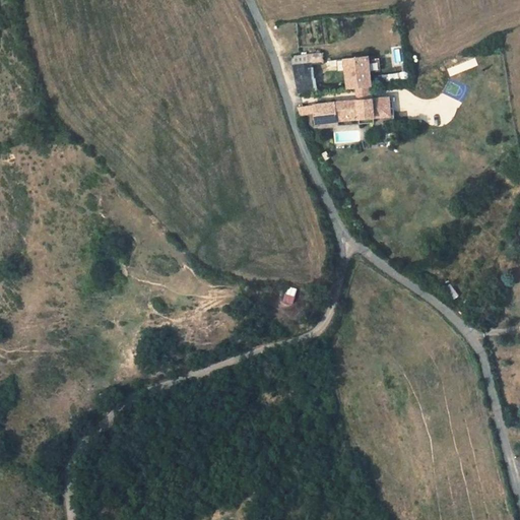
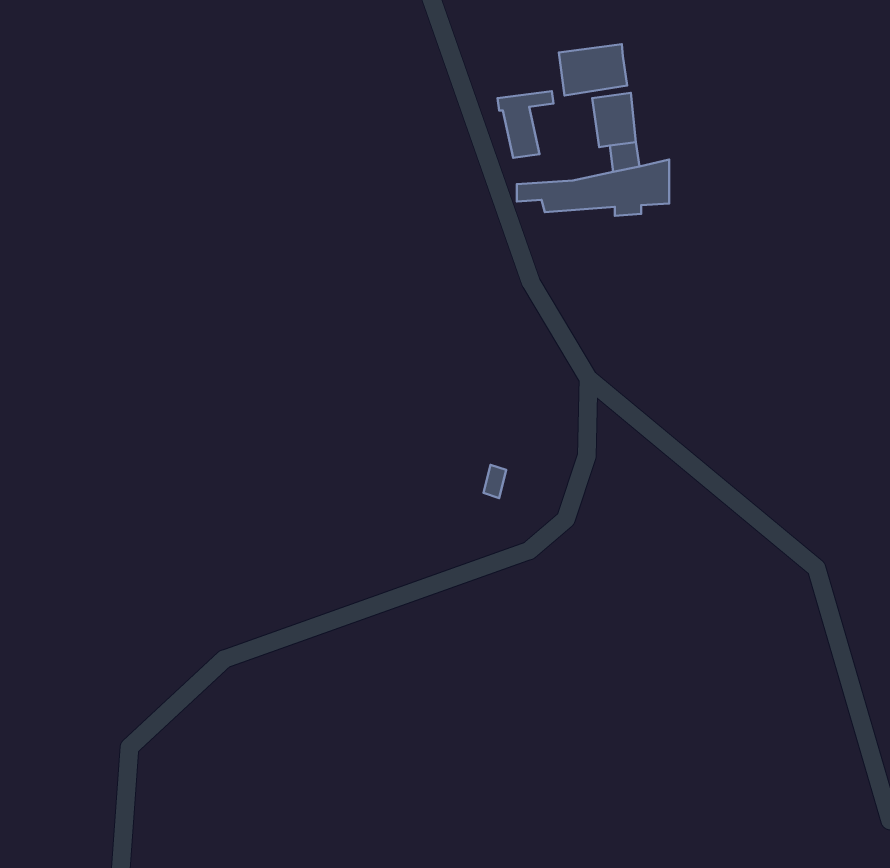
building: none -> [559,44,627,95]

